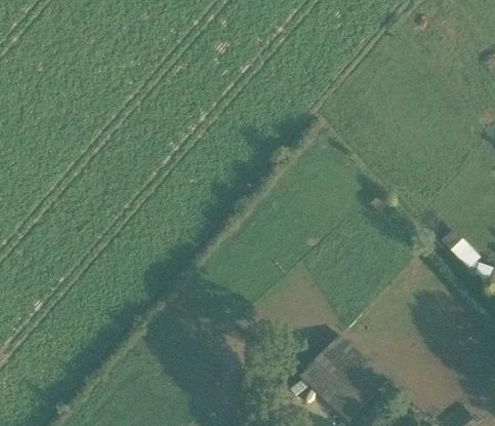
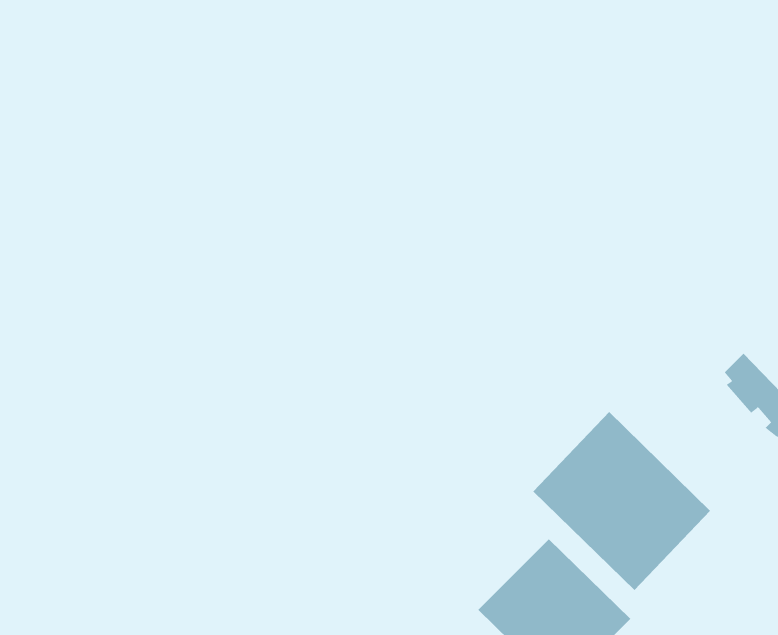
building: none -> [533,411,711,591]

